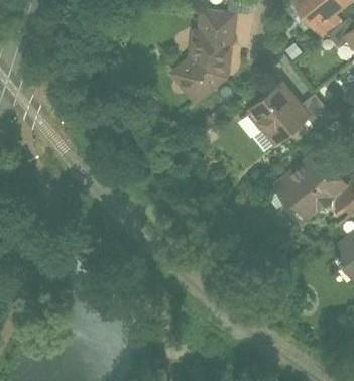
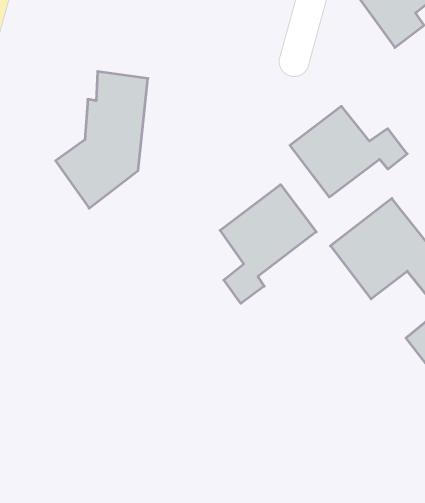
building: [168,8,235,107] -> [56,71,148,208]
building: none -> [220,185,316,303]

